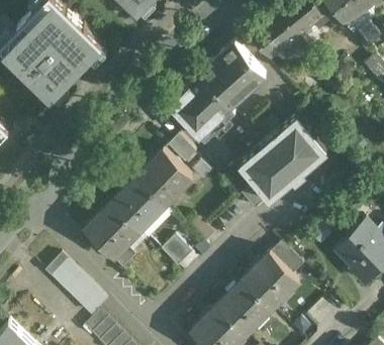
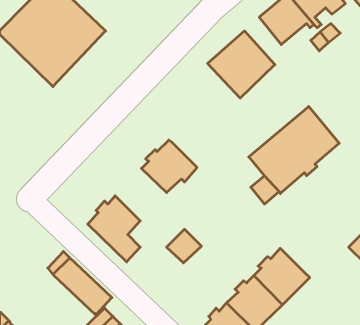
building: [170,78,236,145] -> none
building: [167,138,198,171] -> none
building: [112,179,162,229] -> none
building: [271,243,305,278] -> none

